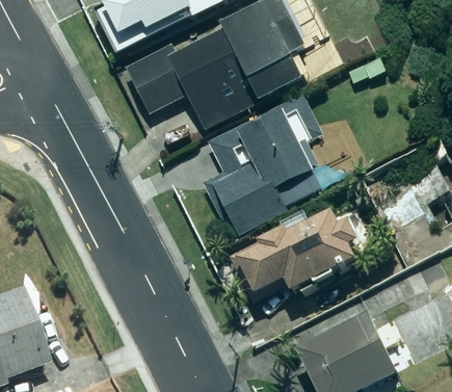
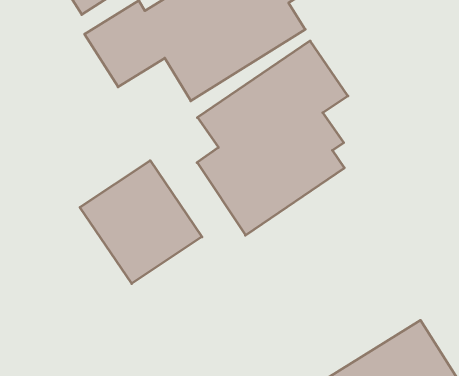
building: none -> [80,161,202,284]
building: [234,205,369,302] -> none

